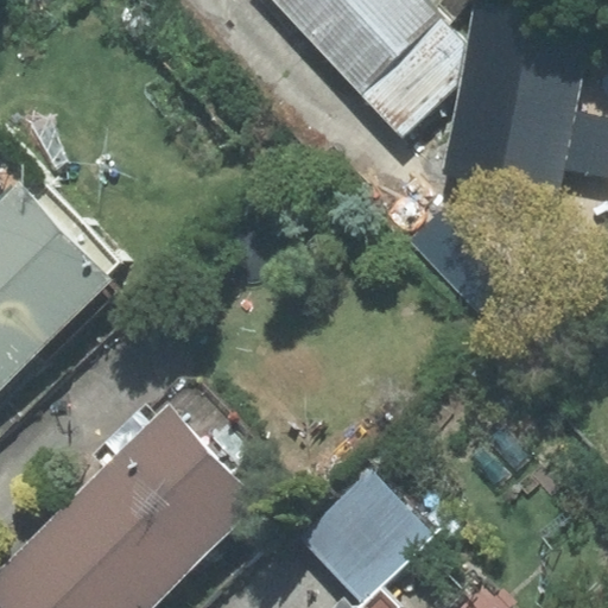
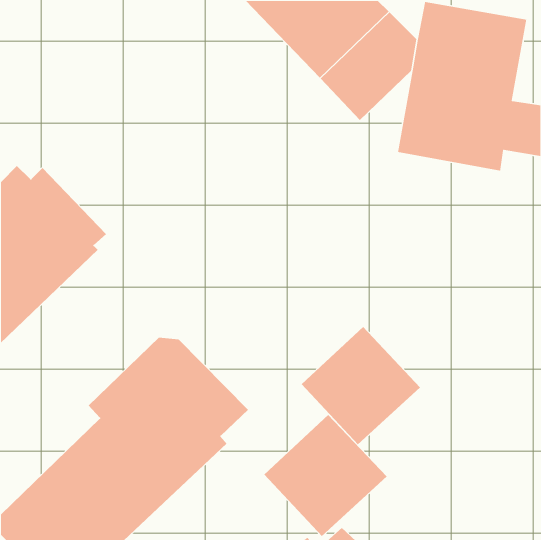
building: none -> [301,326,421,445]

